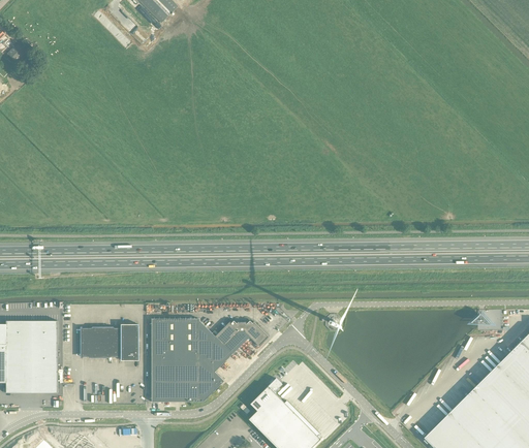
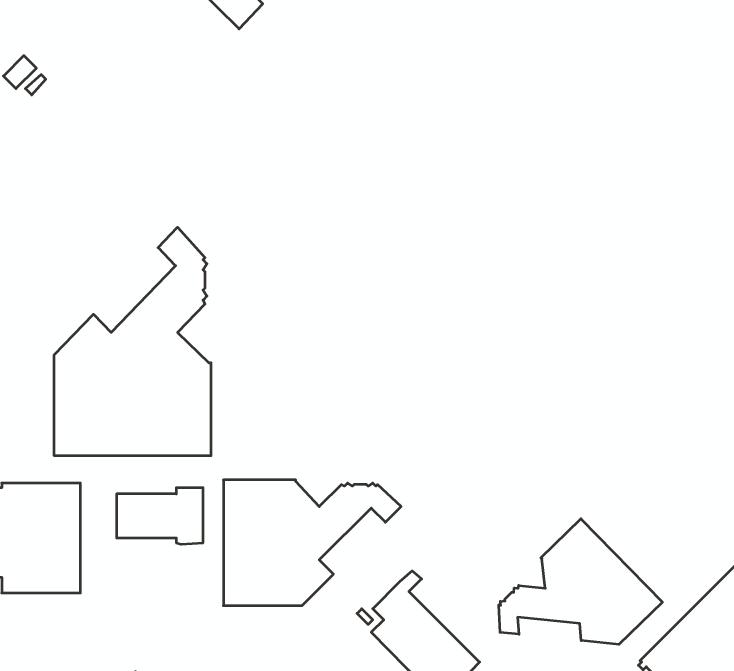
building: none -> [54,227,211,456]
building: none -> [499,519,662,644]

